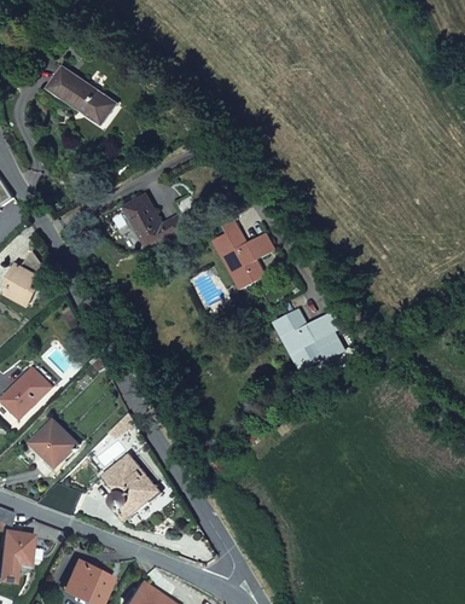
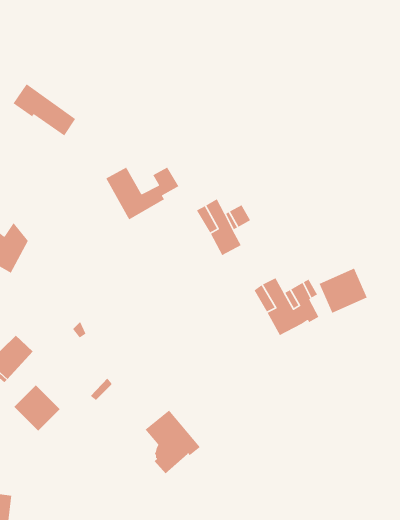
building: [47,68,112,122] -> [13,83,76,136]
building: none -> [318,268,368,314]
building: [101,453,159,519] -> [144,409,201,474]

